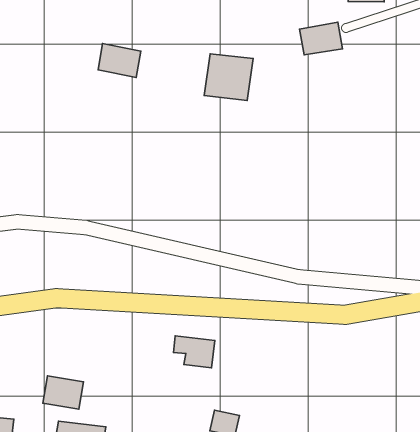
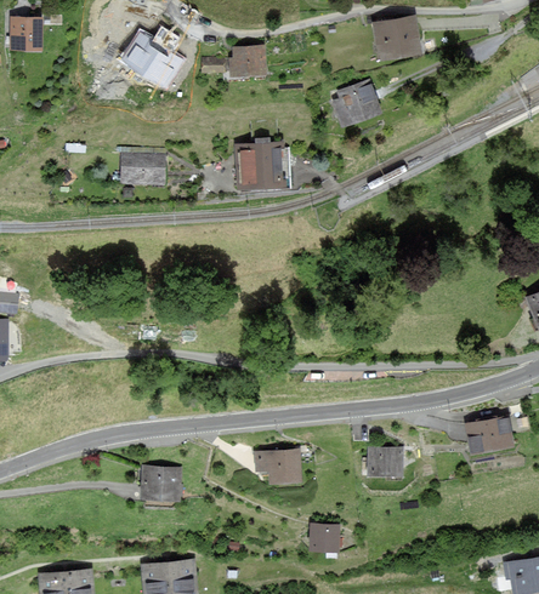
building: none -> [465,416,511,453]
building: none -> [368,449,401,475]
building: [43,376,83,409] -> [141,466,181,496]

